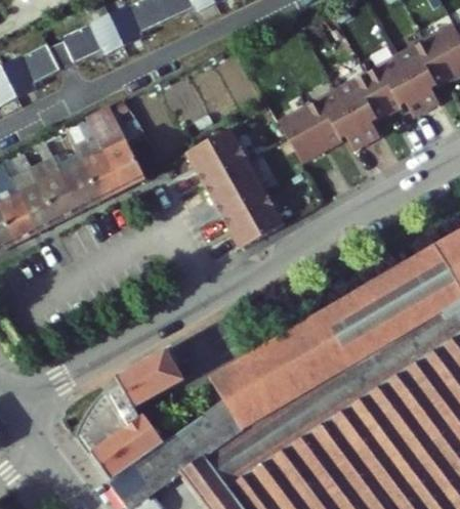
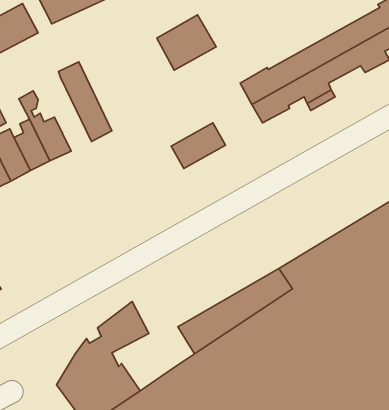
building: [76,116,124,194] -> none
building: [190,130,252,188] -> [157,15,216,70]
building: [221,187,287,250] -> none

